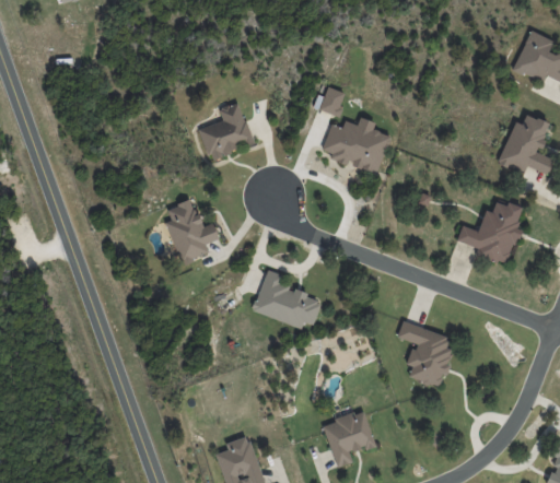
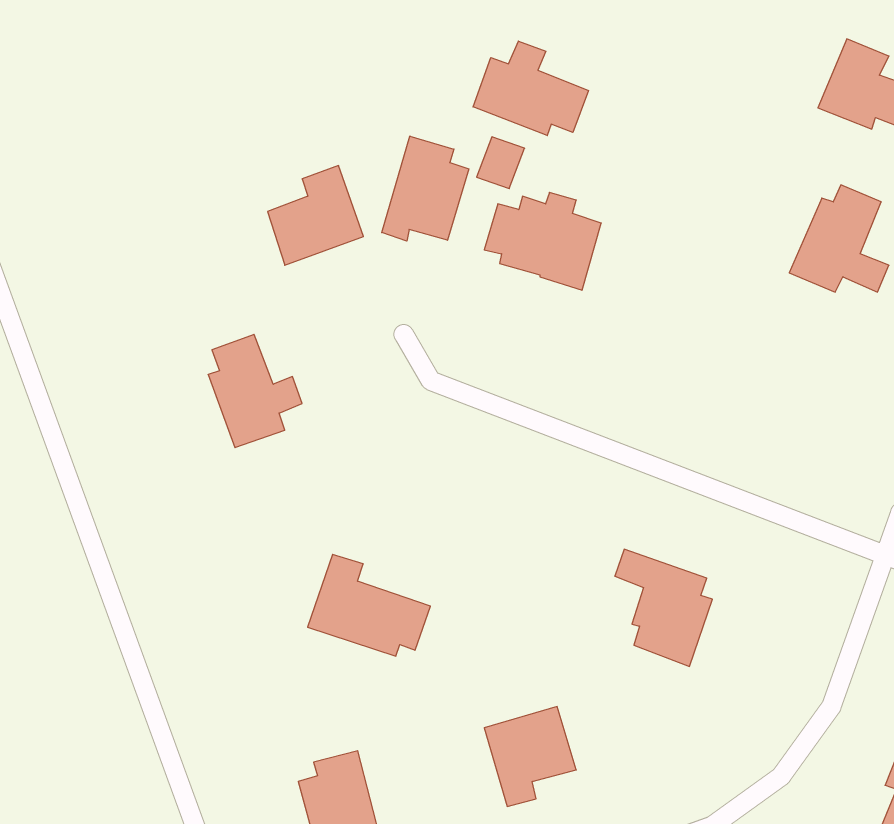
building: none -> [473,41,589,136]
building: none -> [382,136,469,241]
building: [456,202,523,264] -> none
building: [252,270,322,328] -> [308,554,430,656]

